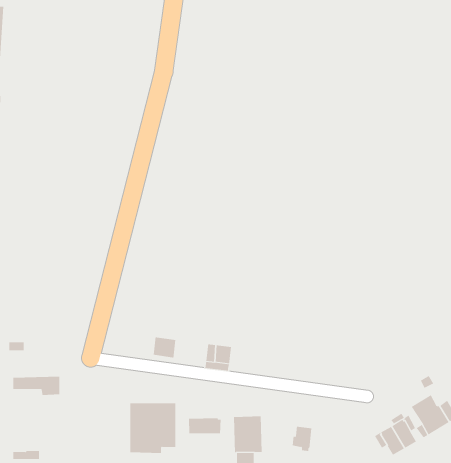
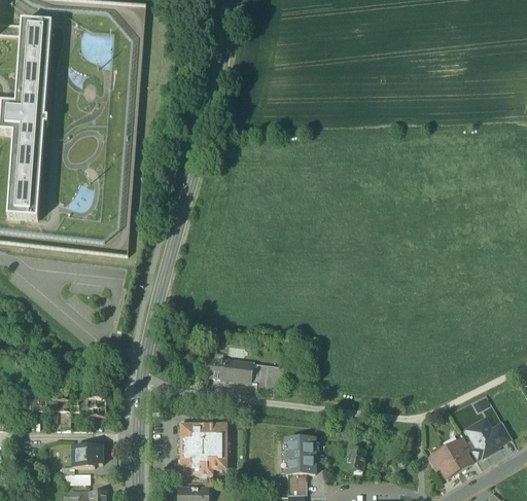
building: none -> [223,360,251,382]
building: [189,417,221,434] -> none
building: none -> [70,444,101,467]

